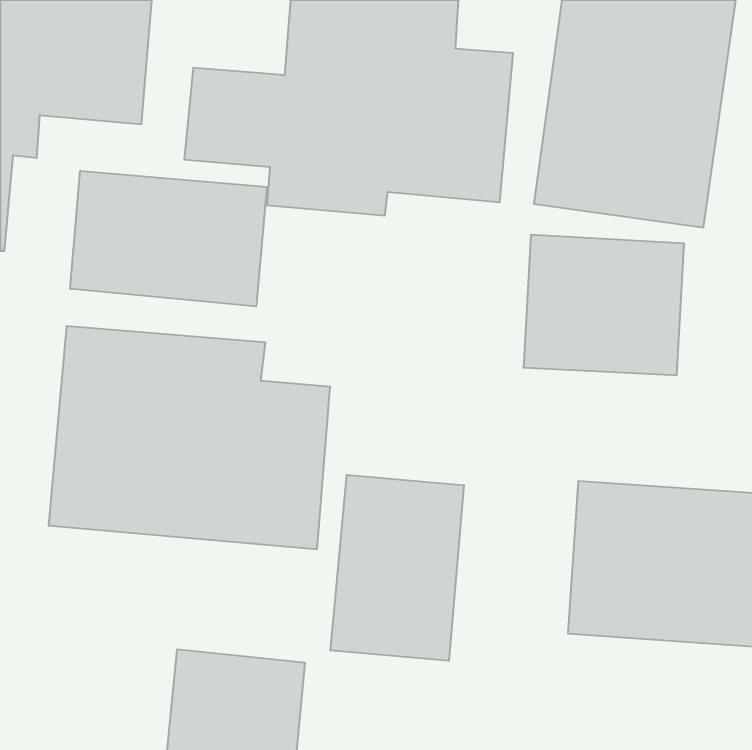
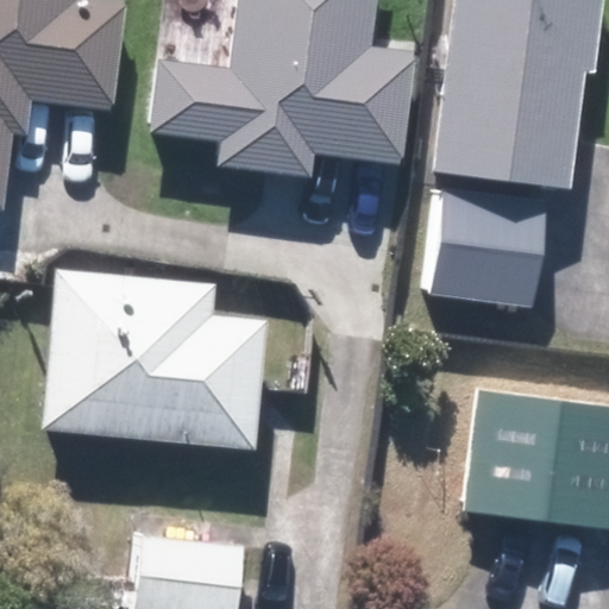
building: [70,171,267,306] -> none
building: [330,475,464,661] -> none

